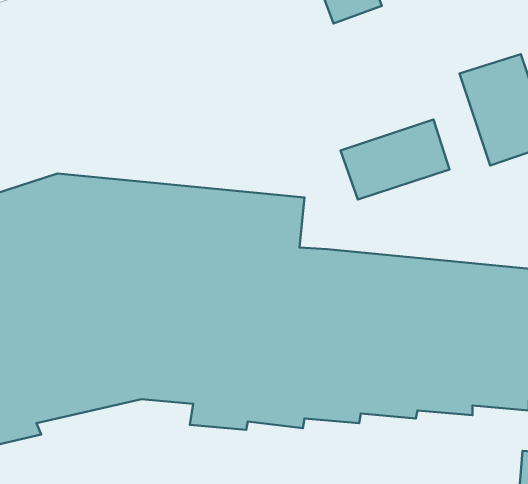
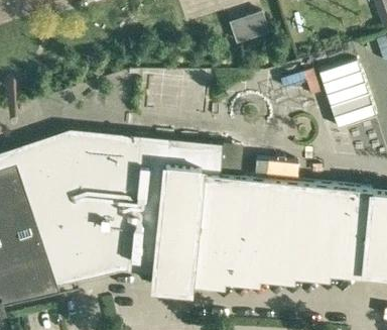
building: [340,119,450,200] -> none

